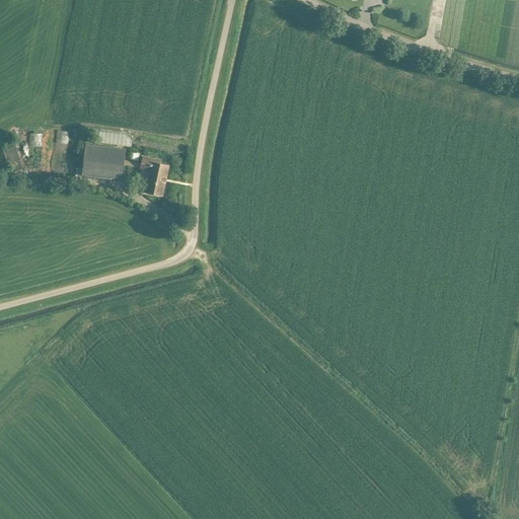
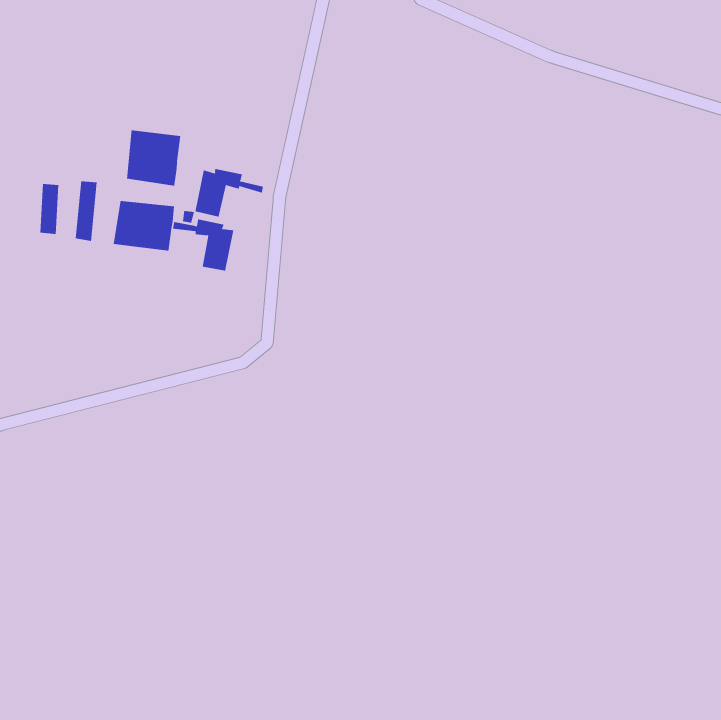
building: none -> [126,129,181,187]
building: none -> [195,168,264,218]

